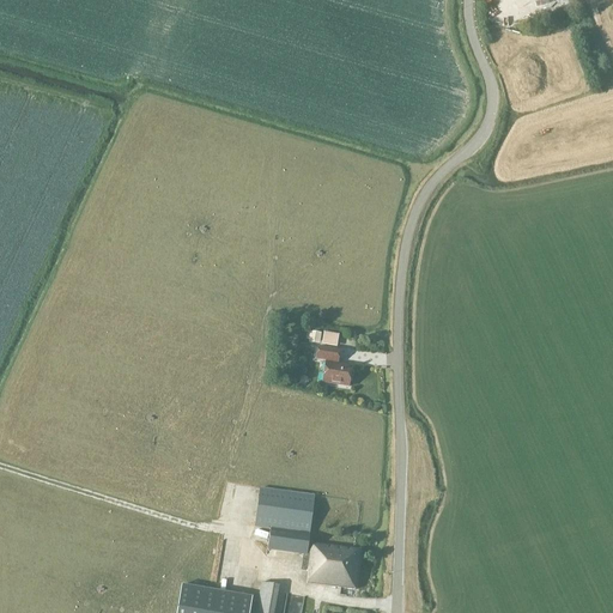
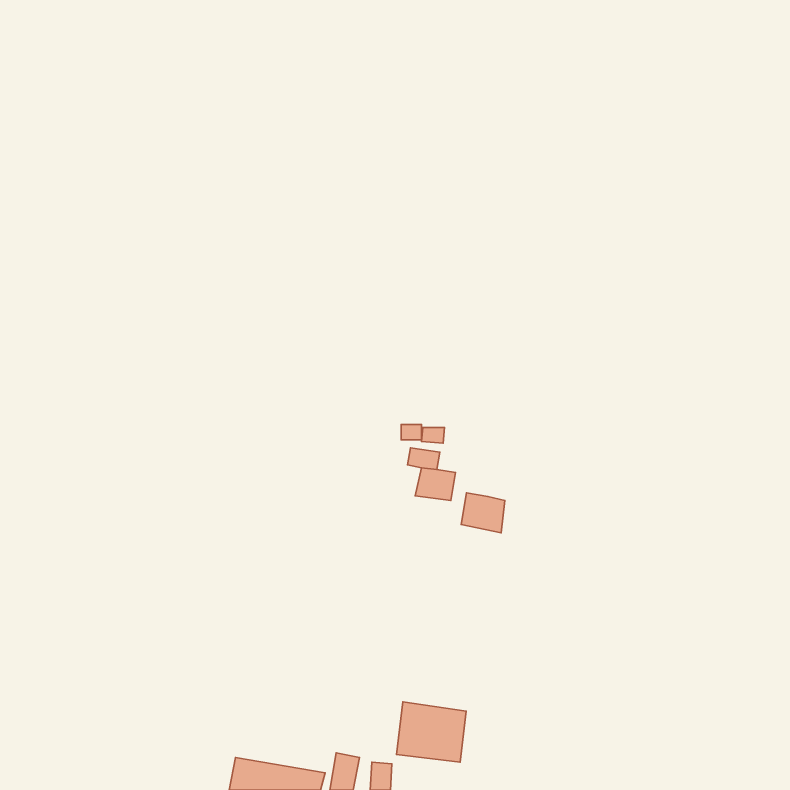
building: none -> [461,493,505,533]
building: [255,488,315,554] -> none

